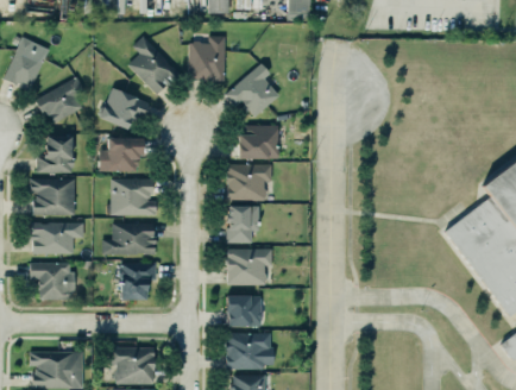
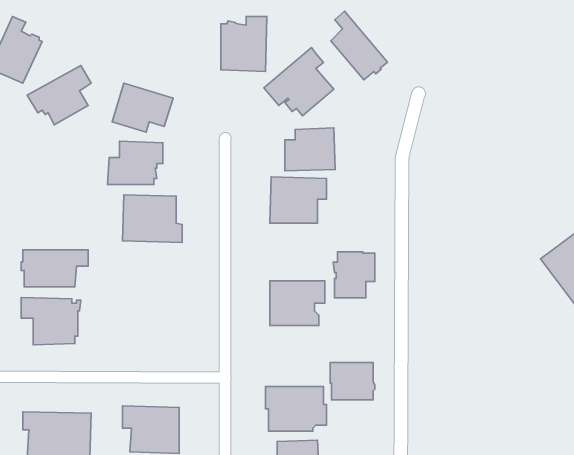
building: none -> [331,11,387,80]
building: [127,38,180,96] -> none
building: [36,136,73,172] -> none
building: [30,180,75,216] -> none
building: [225,206,258,243] -> [333,252,375,298]
building: [102,224,156,257] -> none
building: [119,263,156,300] -> none
building: [227,297,263,327] -> [330,363,375,400]

